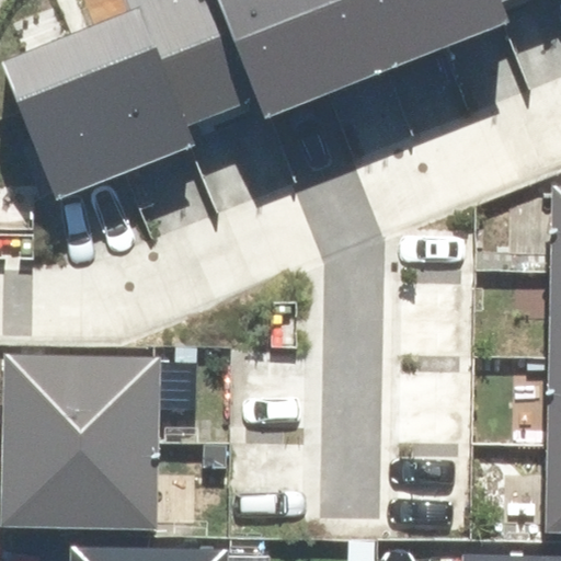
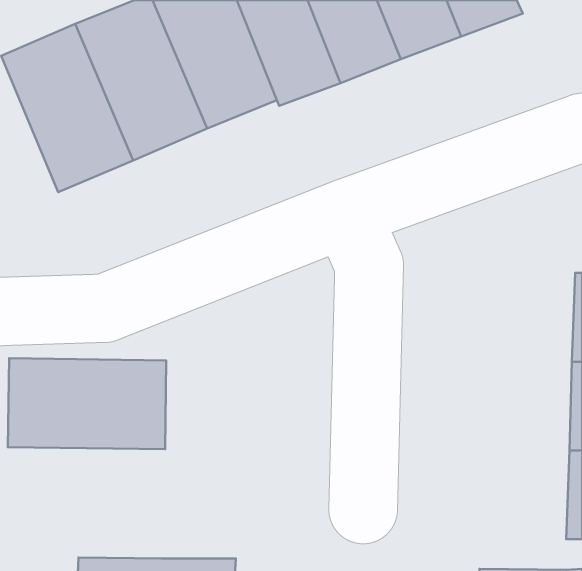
building: [7,440,159,528] -> none

